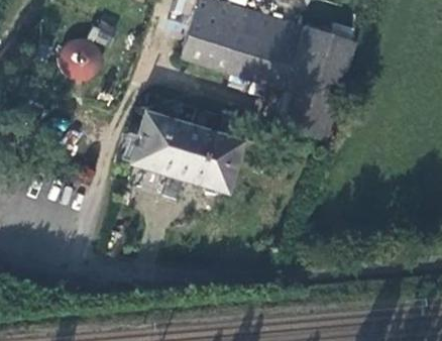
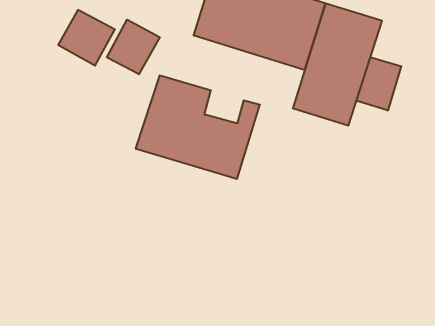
building: none -> [107,20,160,74]
building: none -> [356,57,401,111]

